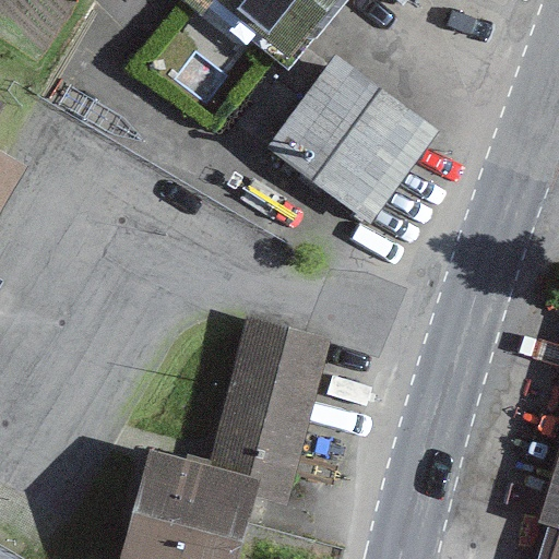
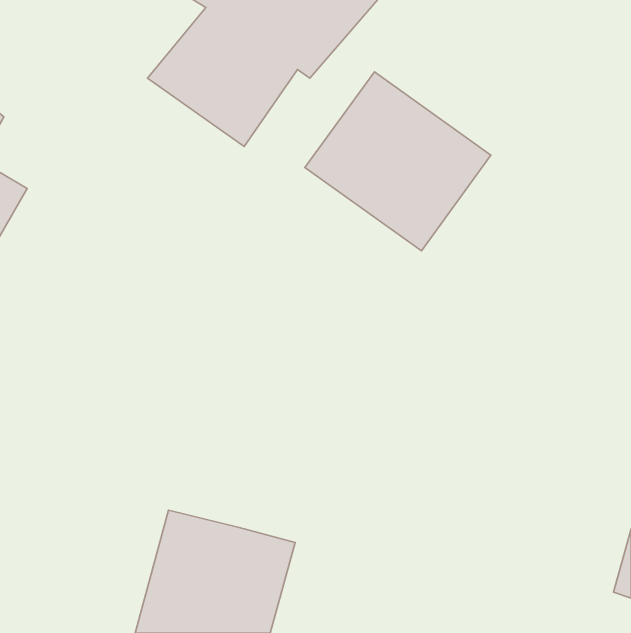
building: [211,316,331,486] -> none

